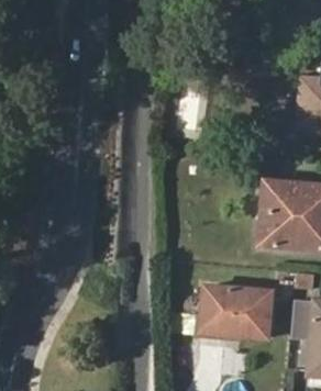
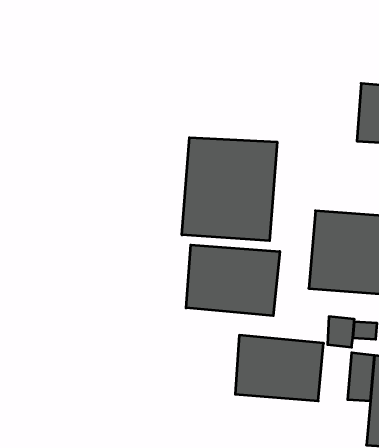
building: none -> [182,138,277,241]
building: none -> [186,245,280,316]

